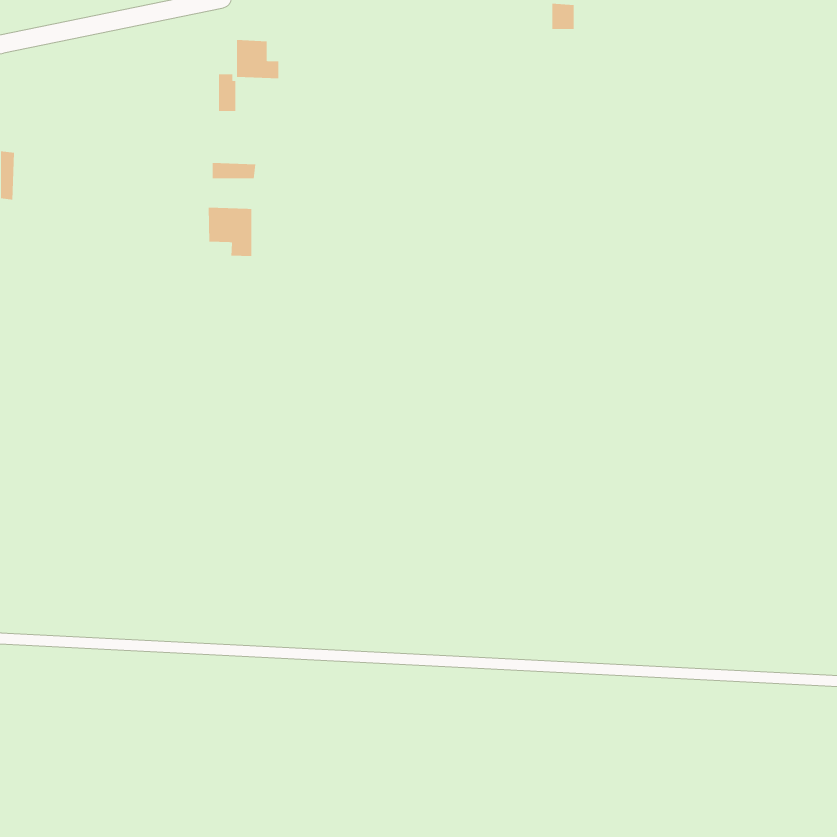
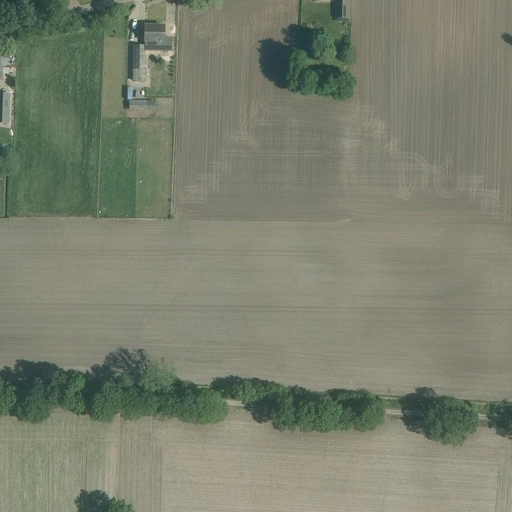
building: [208,207,252,257] -> none

